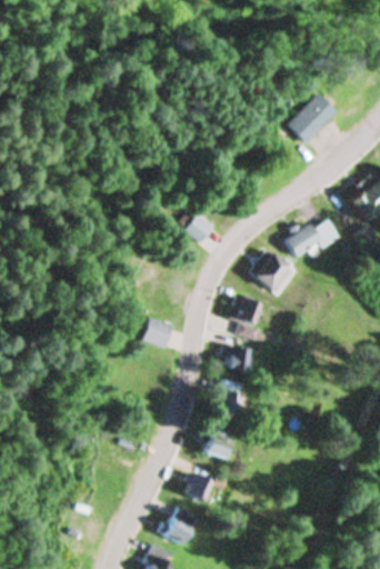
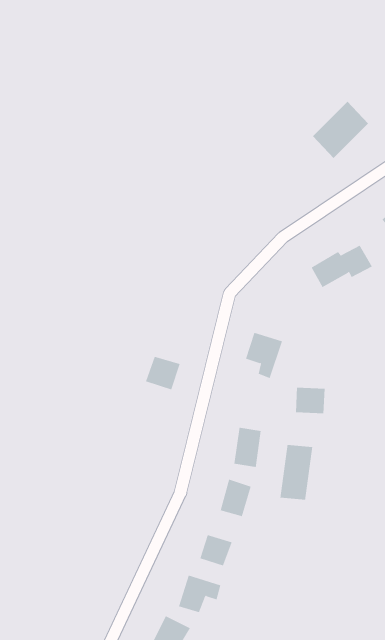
building: [179,216,209,242] -> none
building: [251,253,288,290] -> none
building: [221,347,248,370] -> [295,387,325,414]
building: none -> [280,444,313,501]

